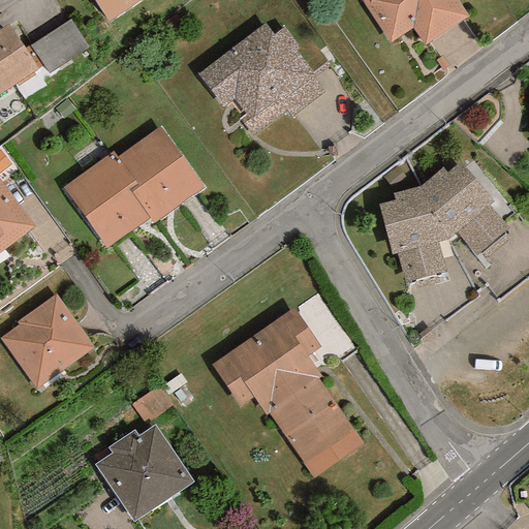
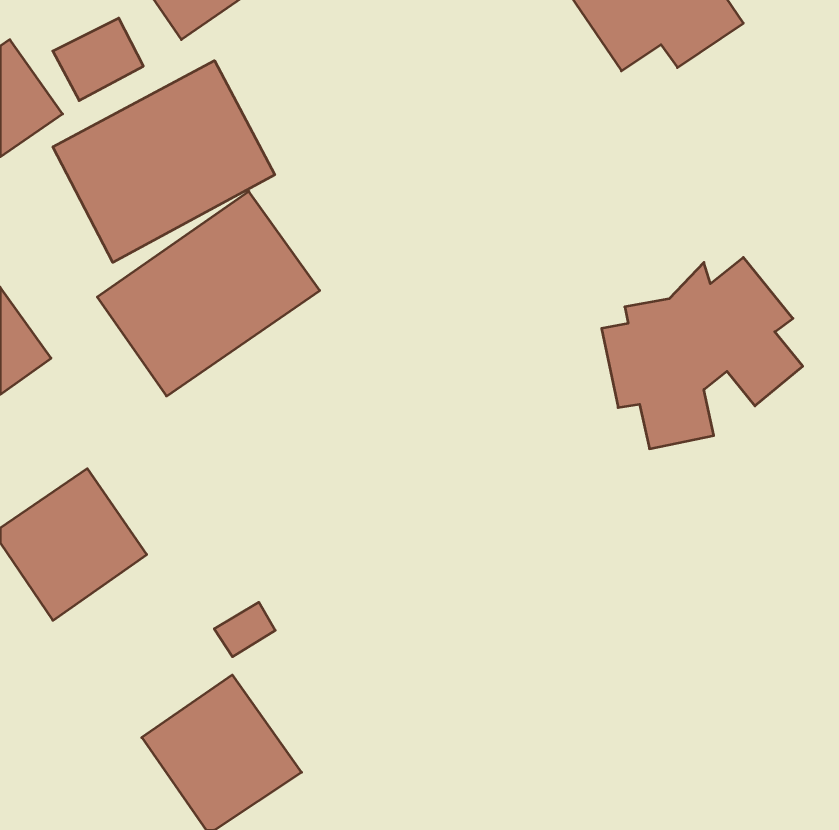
building: [198,26,332,131] -> none
building: none -> [53,61,275,262]
building: [212,310,364,477] -> none

